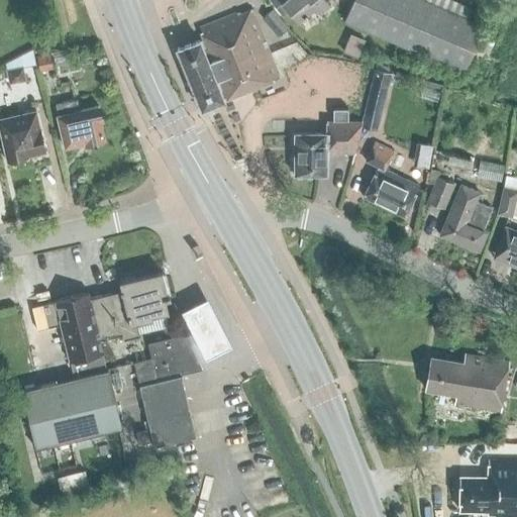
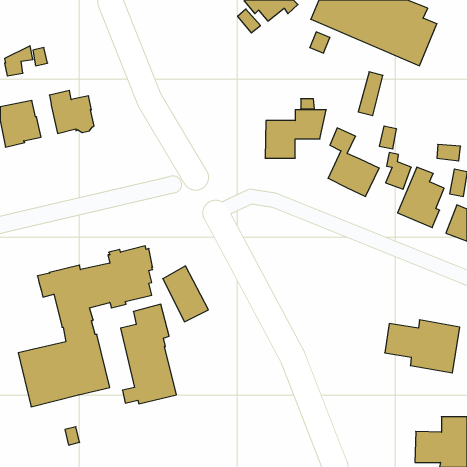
building: [177,10,279,110] -> none
building: [360,82,388,130] -> [358,72,383,116]

